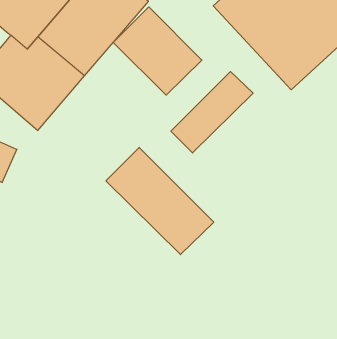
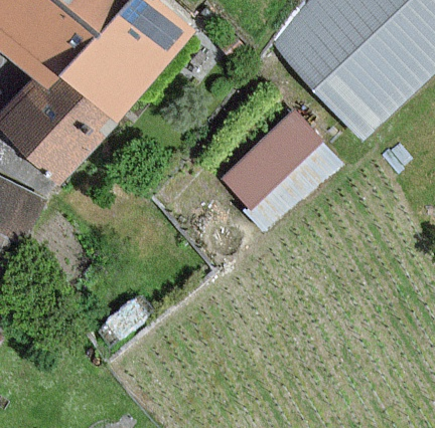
building: [113,7,202,95] -> none
building: [106,147,214,255] -> none

